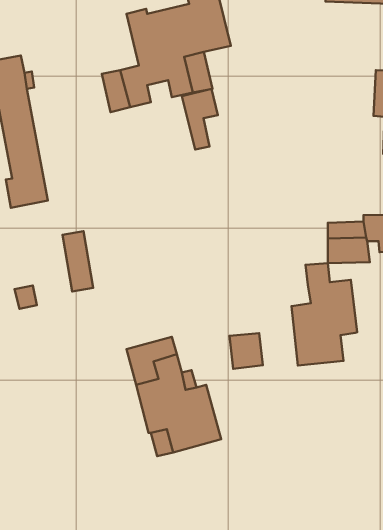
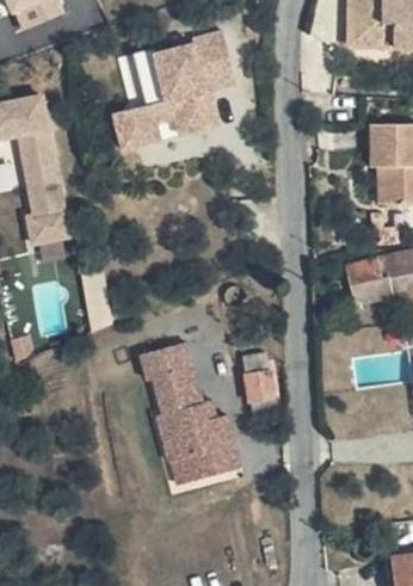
building: [182,89,218,150] -> none
building: [291,263,357,365] -> none
building: none -> [137,344,189,382]

